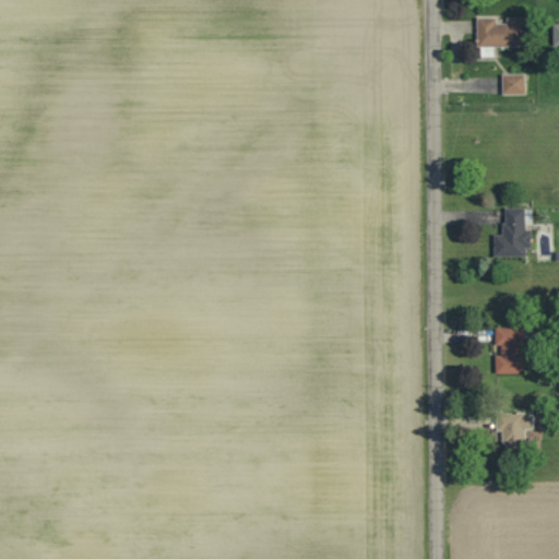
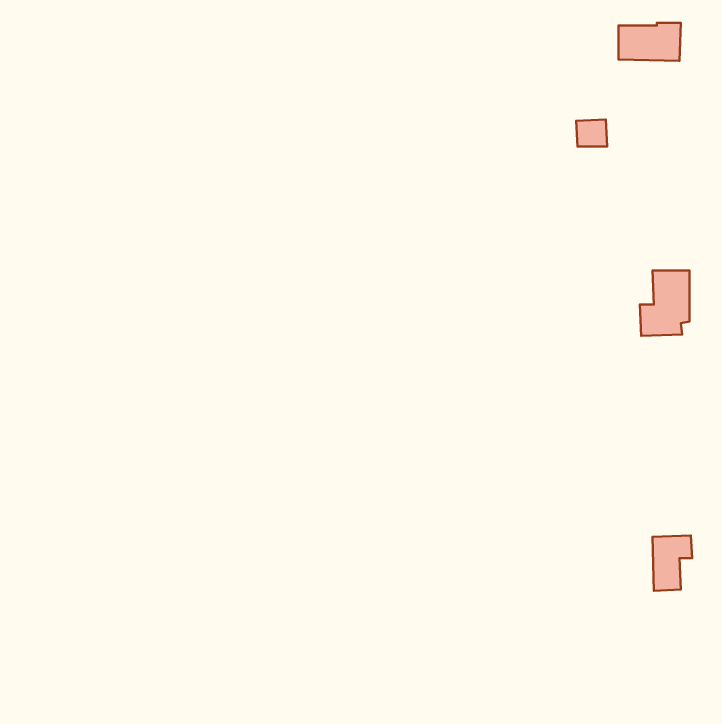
building: [501,74,525,95] -> [576,120,607,146]
building: [493,328,523,374] -> none

